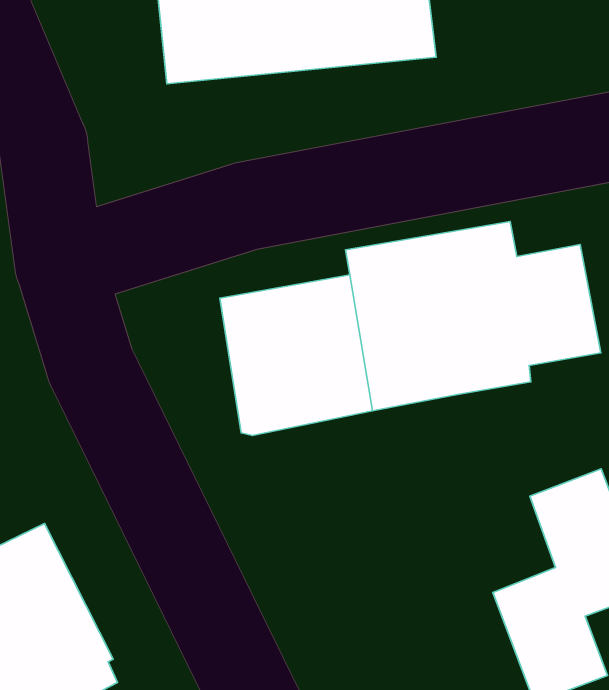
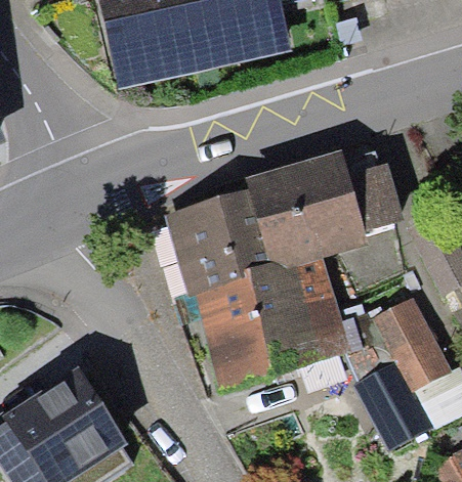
building: none -> [196,261,347,388]

